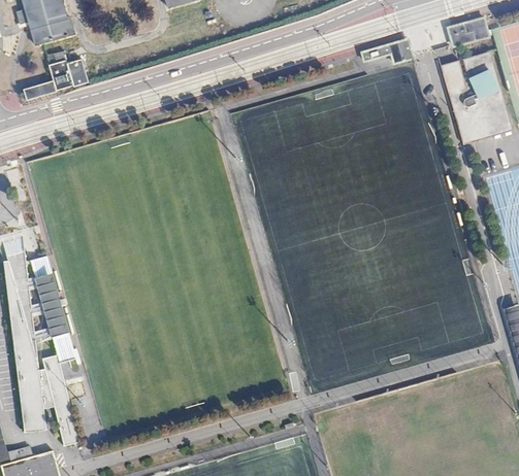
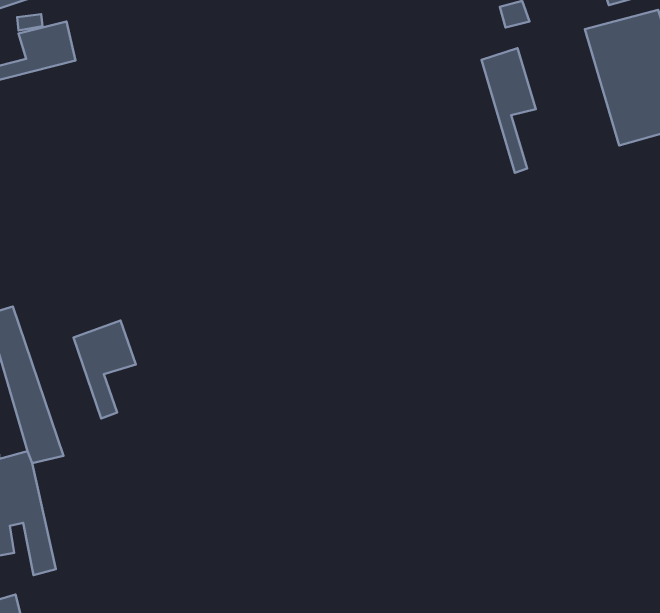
building: none -> [482,48,536,173]
building: none -> [73,320,136,419]

